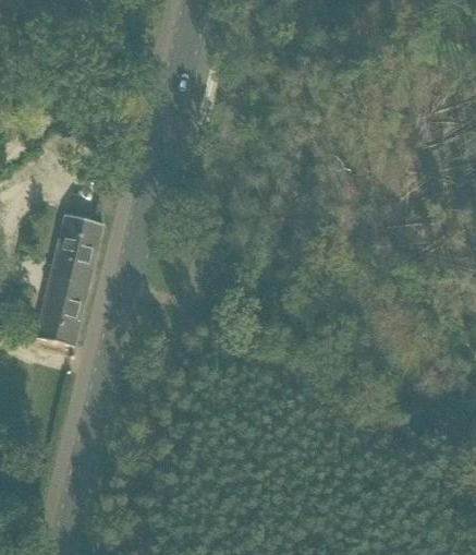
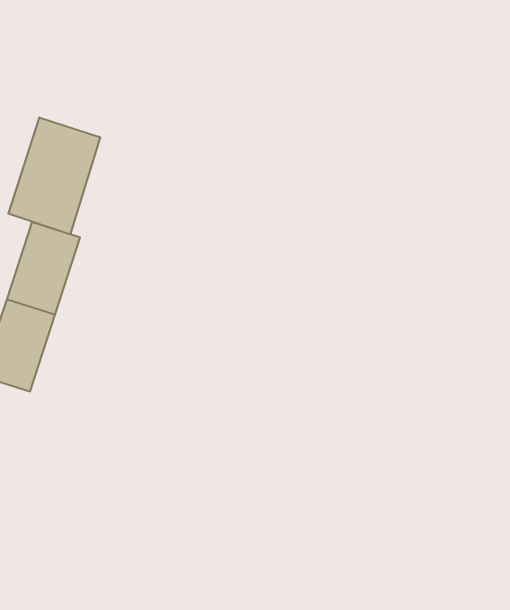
building: none -> [8,117,100,234]

